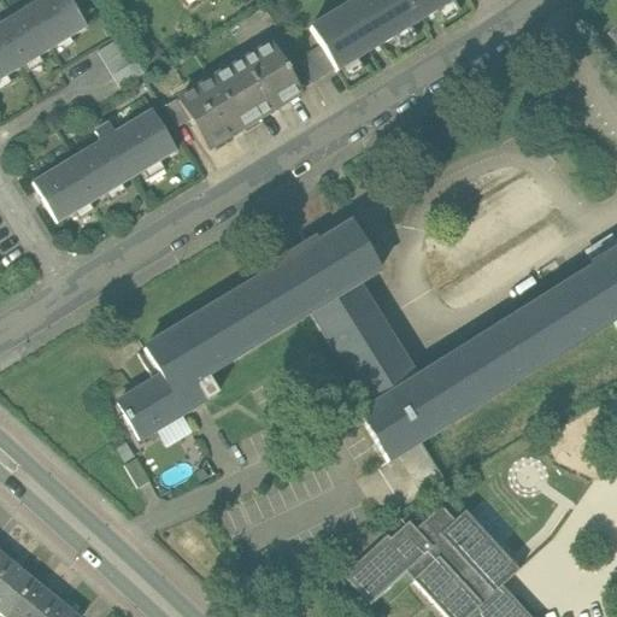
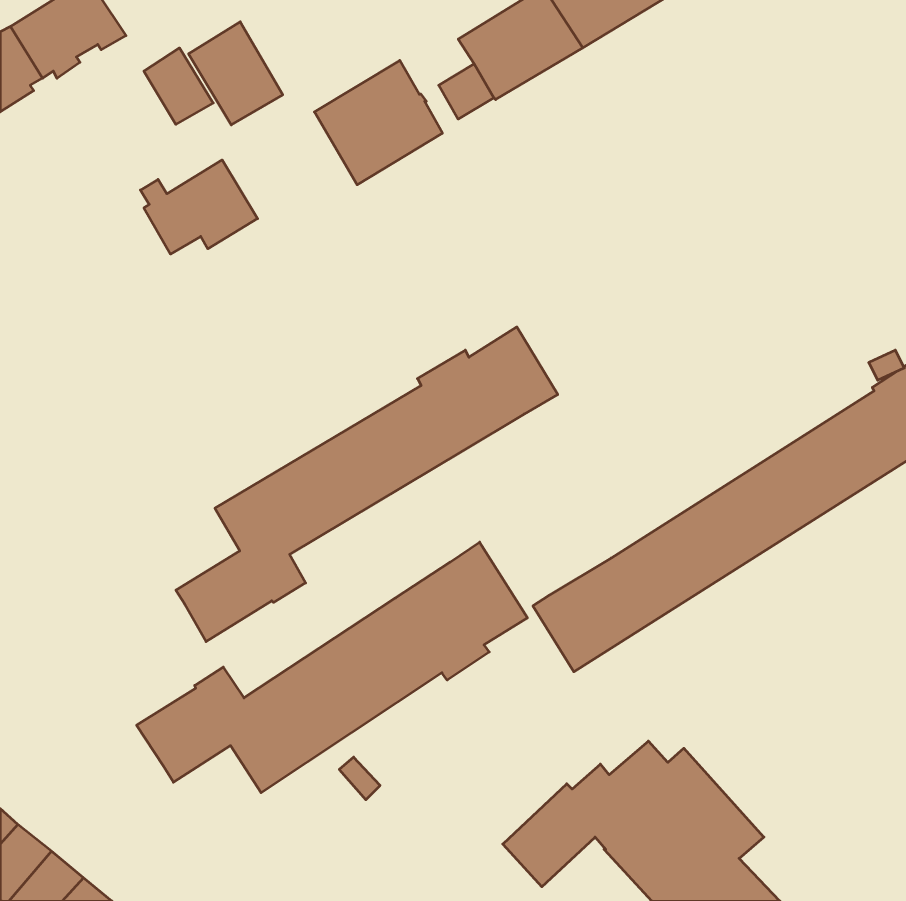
building: [180,76,243,146] -> [189,22,283,125]
building: [35,141,122,219] -> none
building: [315,281,416,404] -> none
building: none -> [137,542,527,793]

